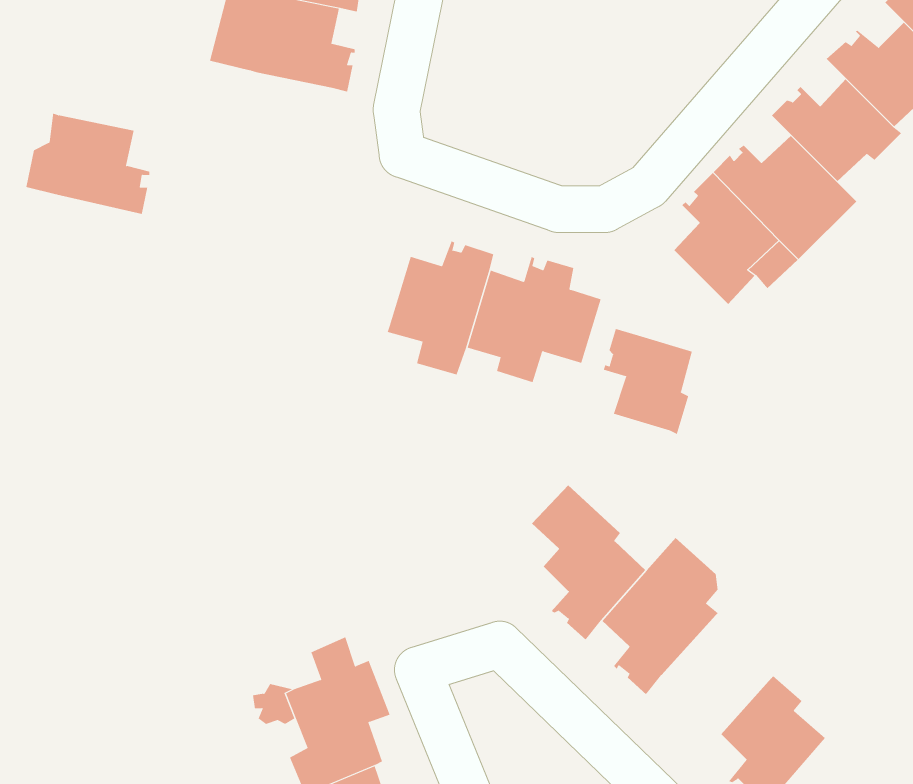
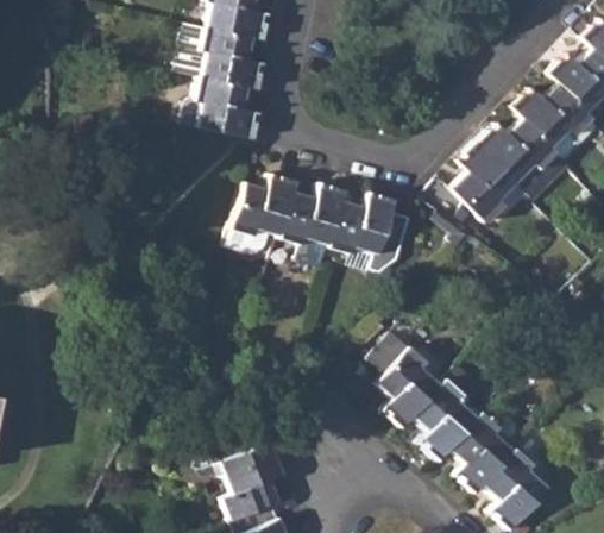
building: [25,113,150,214] -> [182,79,258,140]
building: none -> [228,173,298,253]
building: [603,328,692,435] -> none
building: none -> [449,410,516,493]

